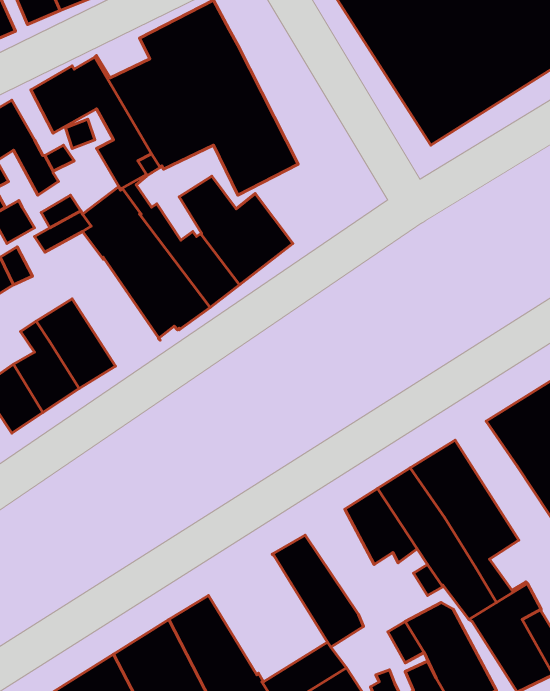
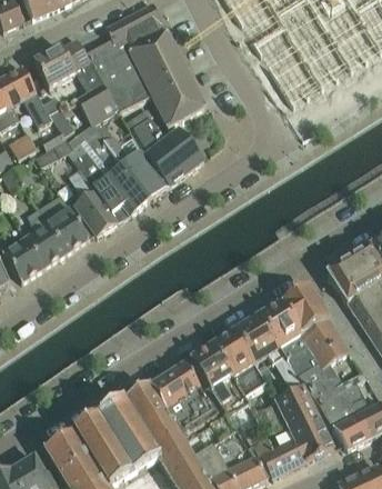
building: none -> [69,167,117,234]
building: none -> [210,329,265,397]
building: none -> [148,362,214,436]

